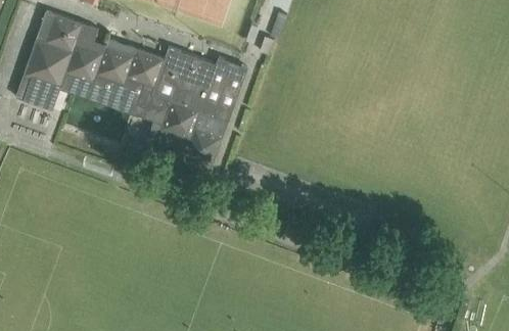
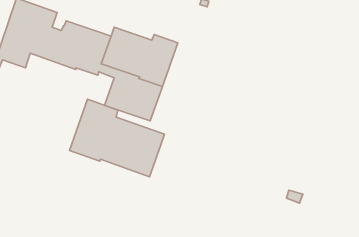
building: none -> [70,99,164,177]

